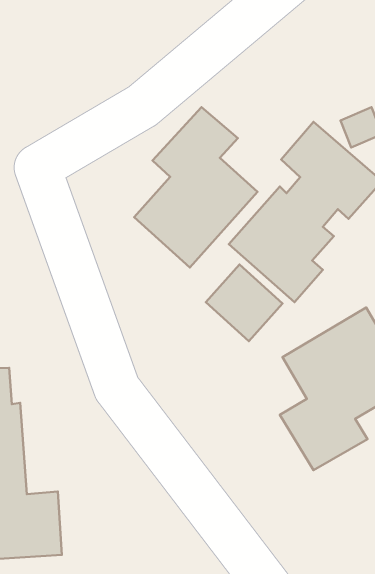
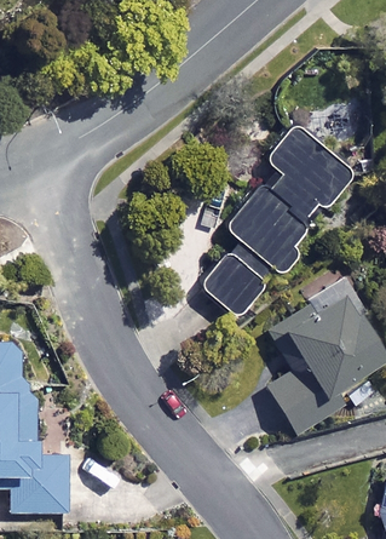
building: [134,107,258,267] -> none

